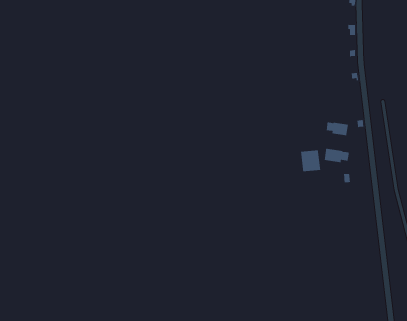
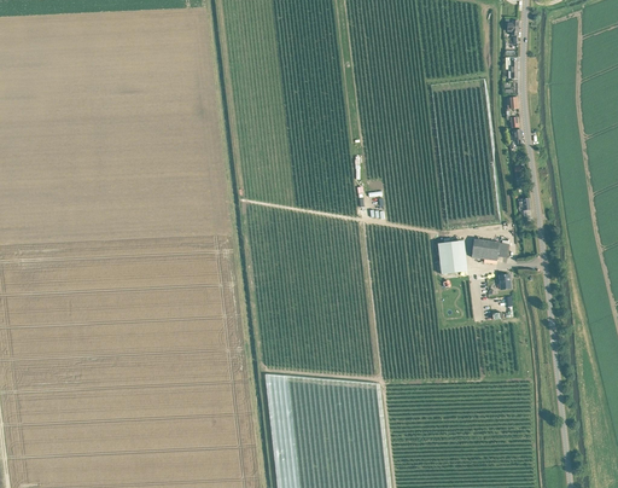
building: [326,122,349,136] -> none

